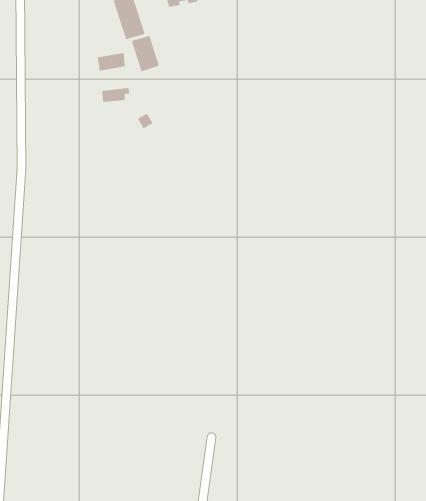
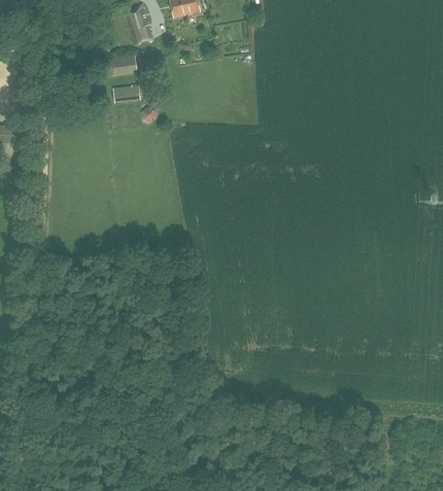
building: [131,35,159,72] -> none

